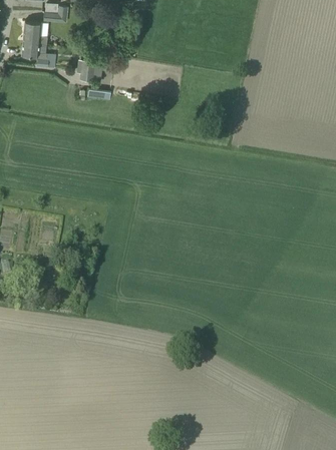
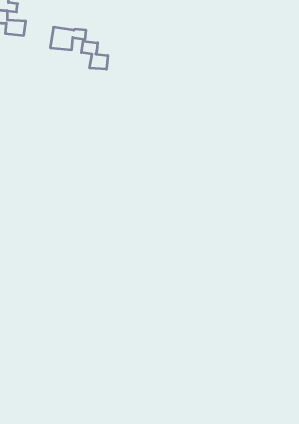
building: none -> [81,41,108,69]

